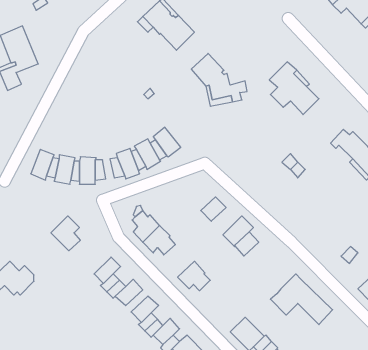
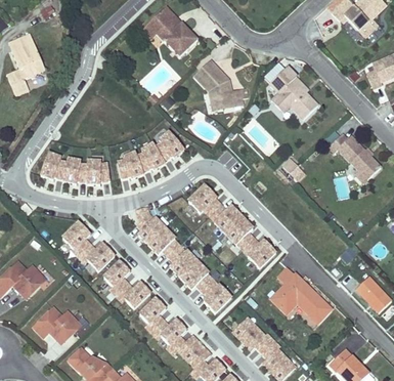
building: none -> [186,184,218,215]
building: none -> [213,205,244,236]
building: none -> [76,240,110,266]
building: none -> [246,240,277,270]
building: none -> [168,245,198,277]
building: none -> [203,280,231,312]
building: none -> [34,306,78,340]

